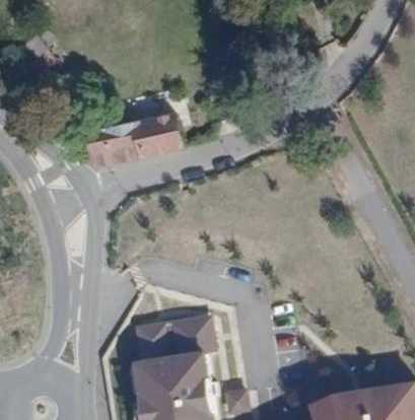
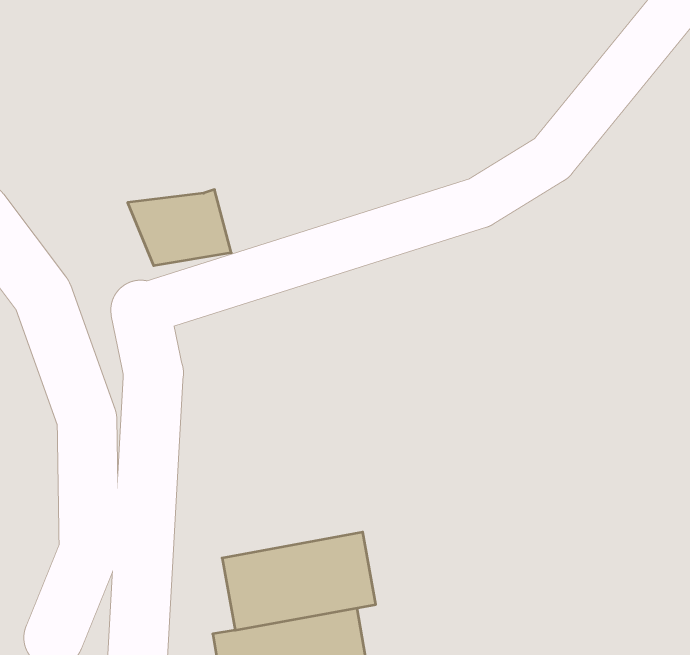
building: [128,115,184,159] -> none

